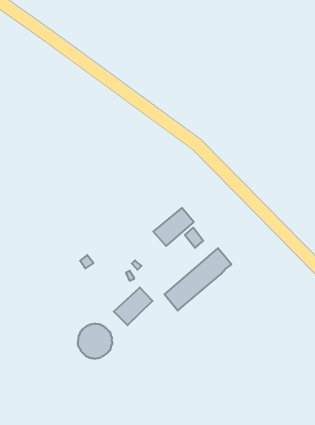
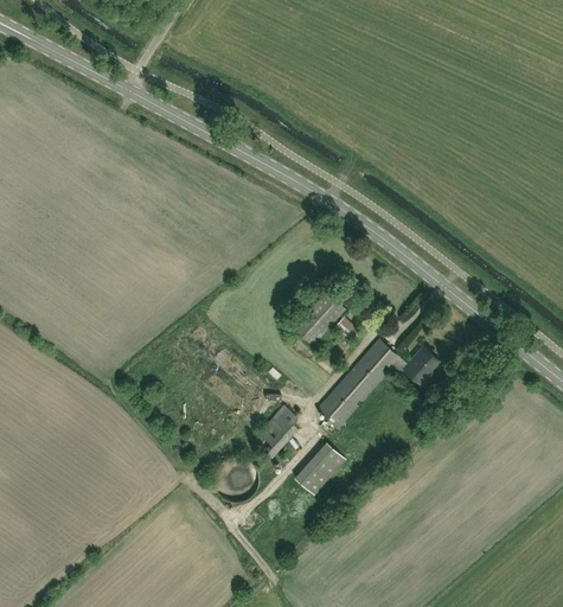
building: none -> [392,347,440,386]
building: none -> [295,441,345,491]

